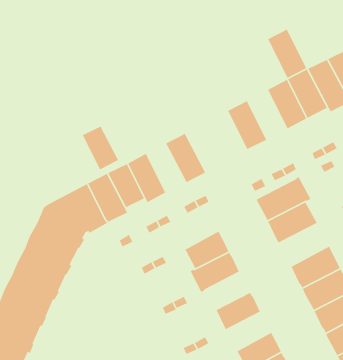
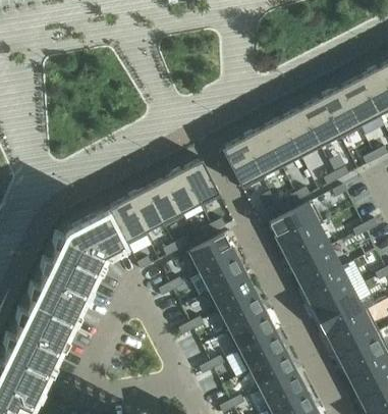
building: [267,28,307,79] -> [262,116,300,165]
building: none -> [222,137,265,190]
building: [82,125,122,175] -> [164,168,203,216]
building: none -> [185,232,234,274]
building: none -> [292,246,341,288]
building: none -> [221,293,265,329]
building: none -> [236,331,285,372]

